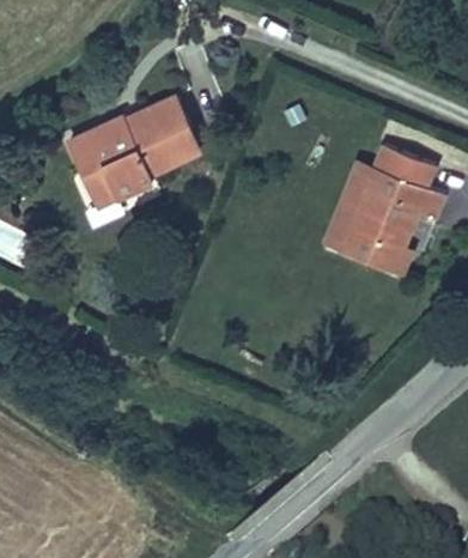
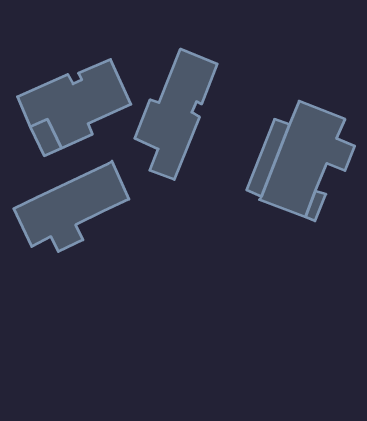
building: none -> [135,49,217,180]
building: none -> [14,161,129,252]

